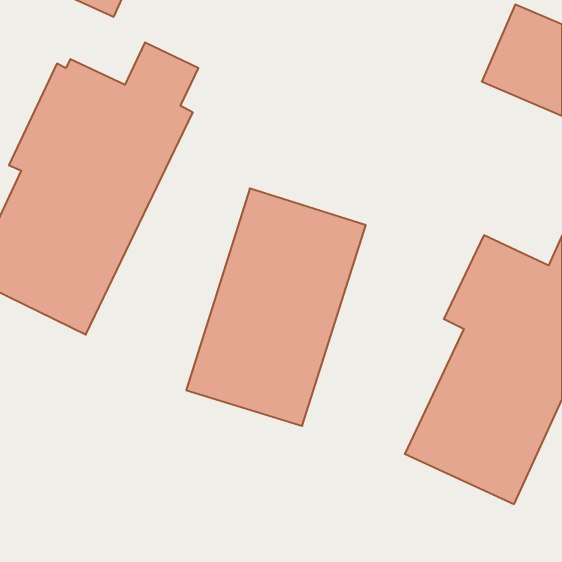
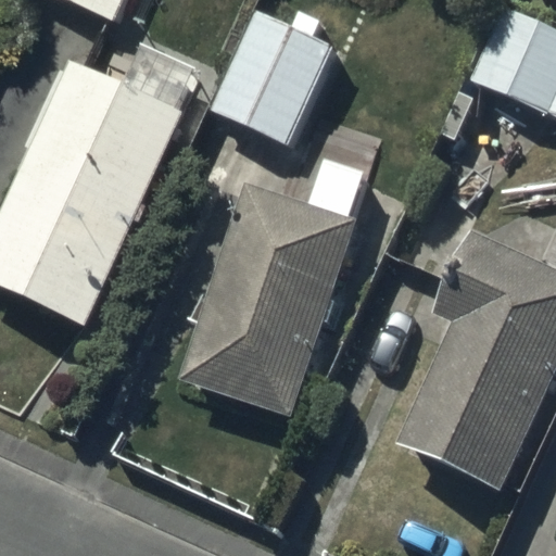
building: none -> [210,9,340,146]

